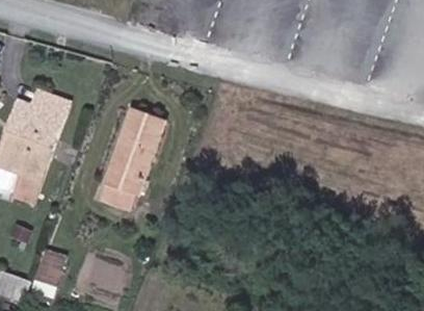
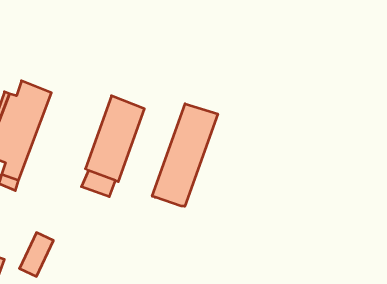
building: none -> [152,104,218,206]

